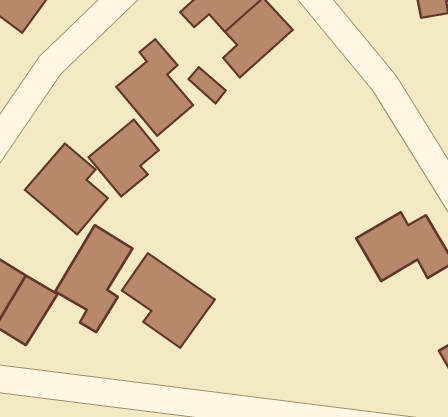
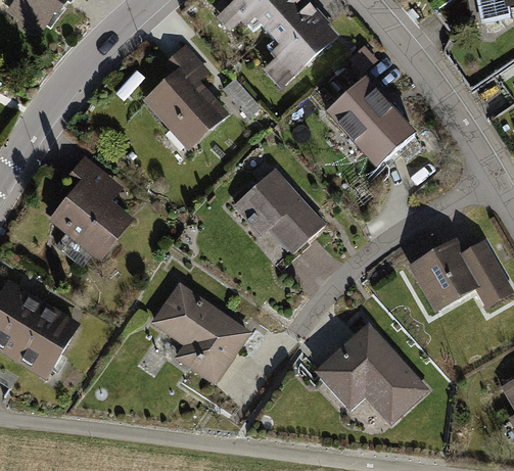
building: none -> [324,74,417,168]
building: [88,120,159,196] -> none
building: none -> [230,167,326,253]
building: [55,225,132,332] -> none
building: none -> [314,321,430,425]

